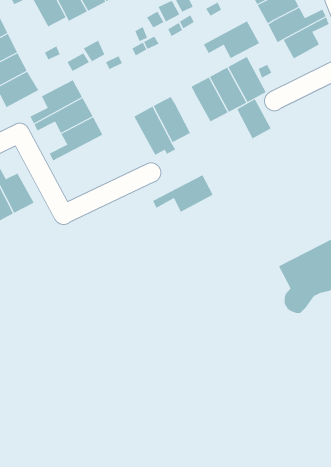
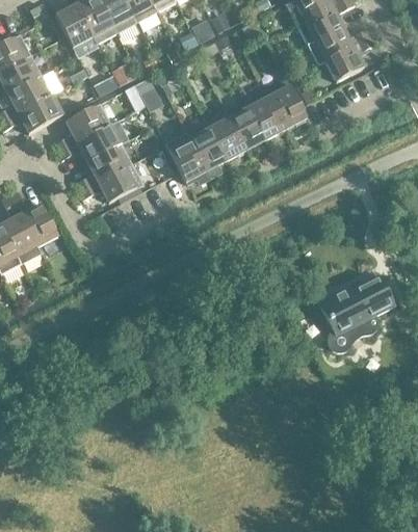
building: [203,20,260,59] -> none
building: [237,98,272,139] -> [210,117,247,161]
building: [152,175,213,212] -> [79,163,145,204]

